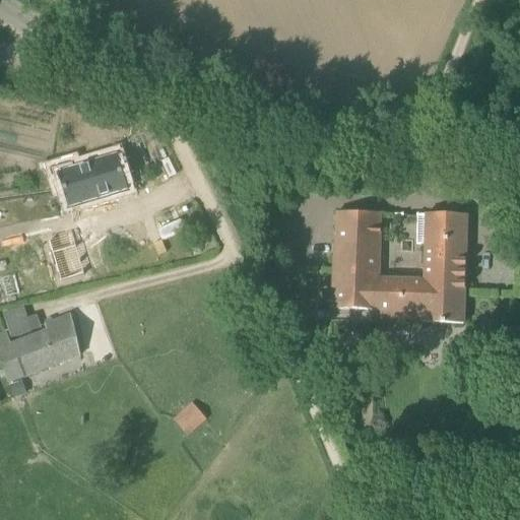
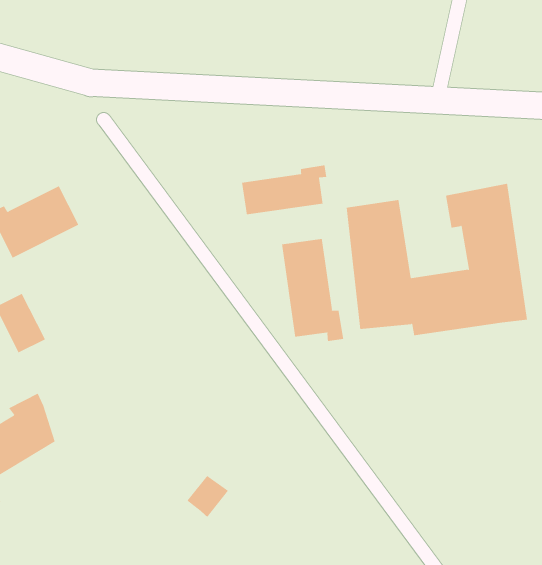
building: none -> [242,164,327,215]
building: none -> [281,238,344,342]

